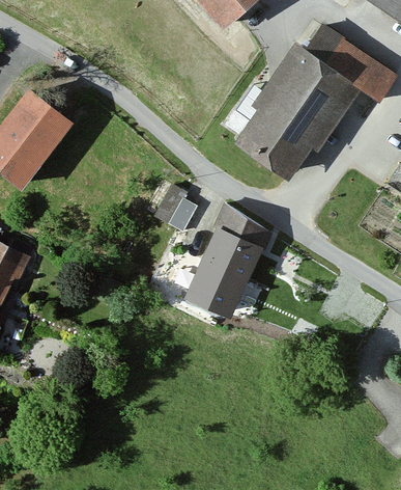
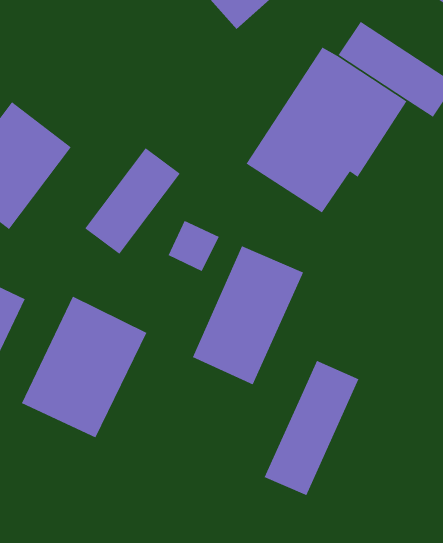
building: none -> [84,147,181,255]
building: none -> [21,295,147,439]
building: none -> [264,360,360,496]

